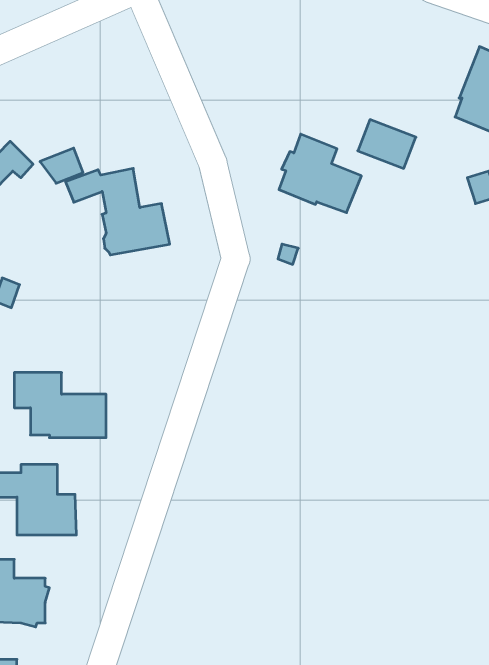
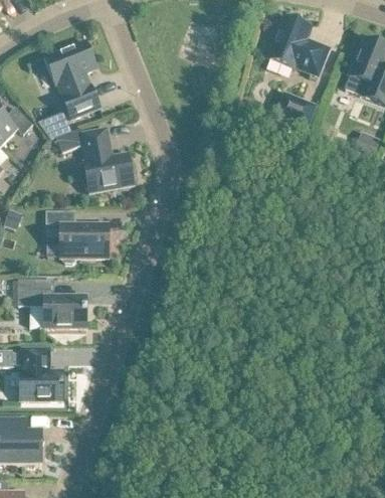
building: none -> [44,40,100,119]
building: [279,134,361,213] -> [267,16,329,74]
building: none -> [45,210,109,263]

